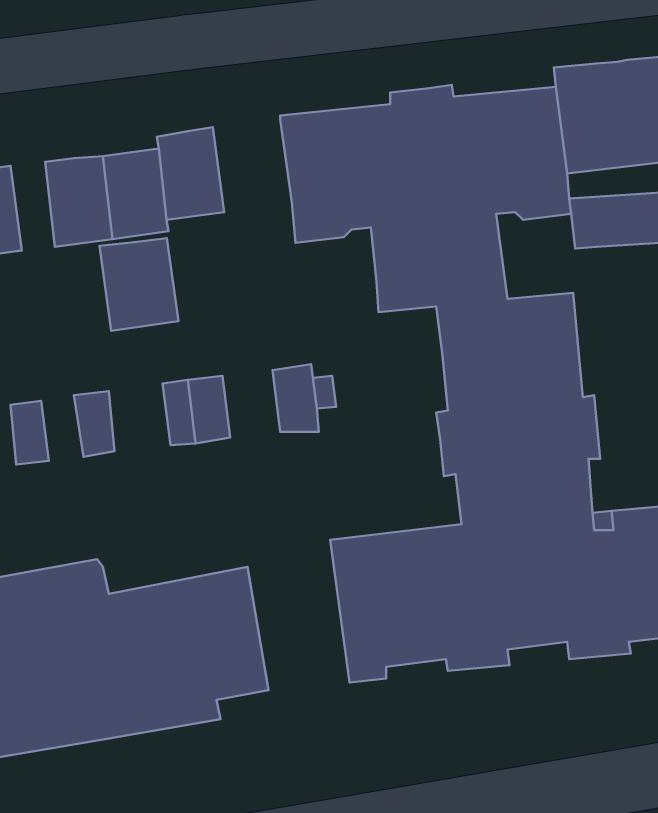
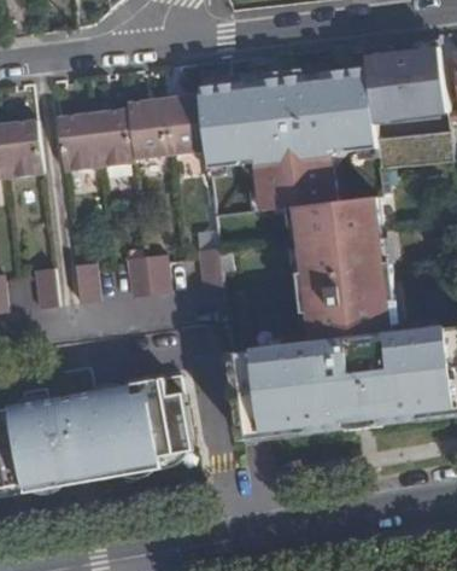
building: [99,238,178,331] -> [158,91,207,148]

